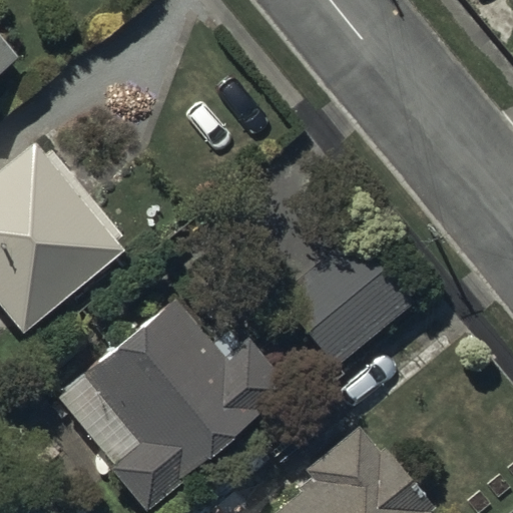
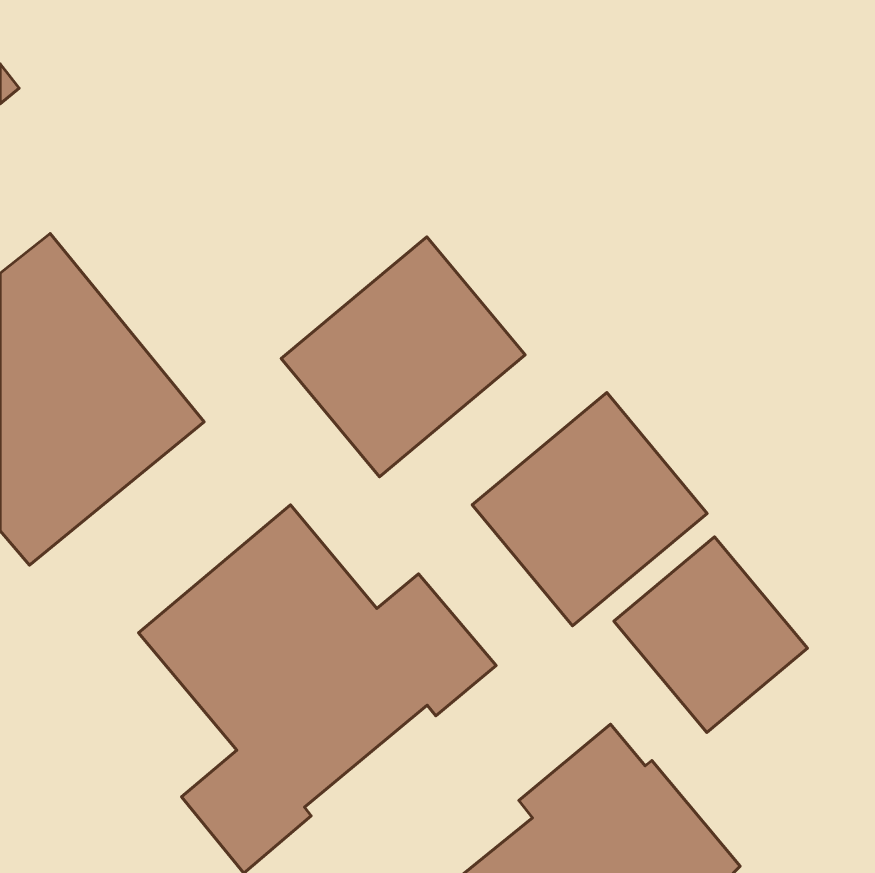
building: none -> [281,237,525,477]
building: none -> [614,537,807,733]

